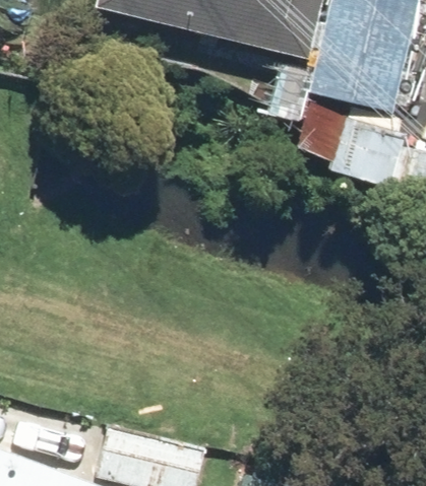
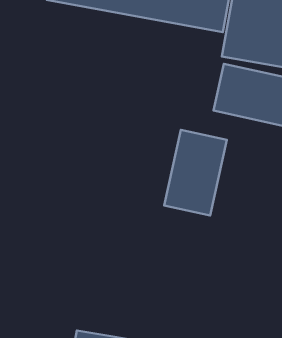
building: none -> [164,130,227,215]

